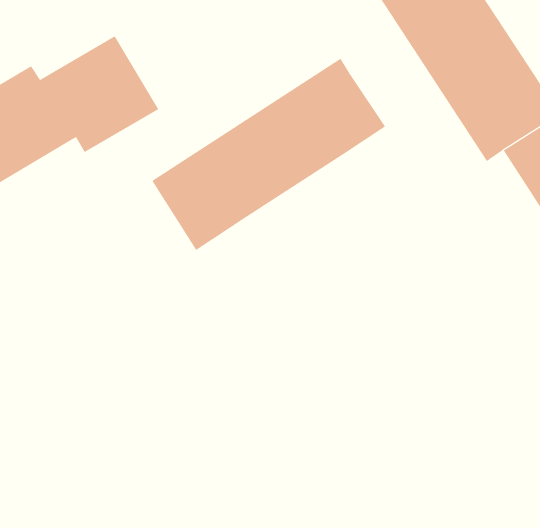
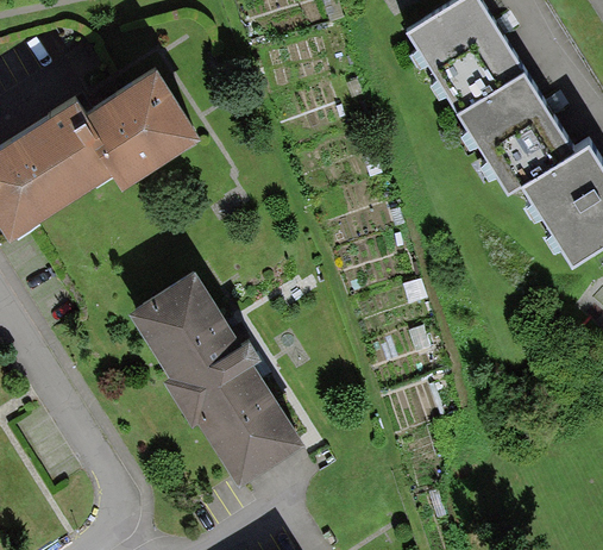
building: [151,58,386,251] -> none
building: none -> [124,273,300,483]

